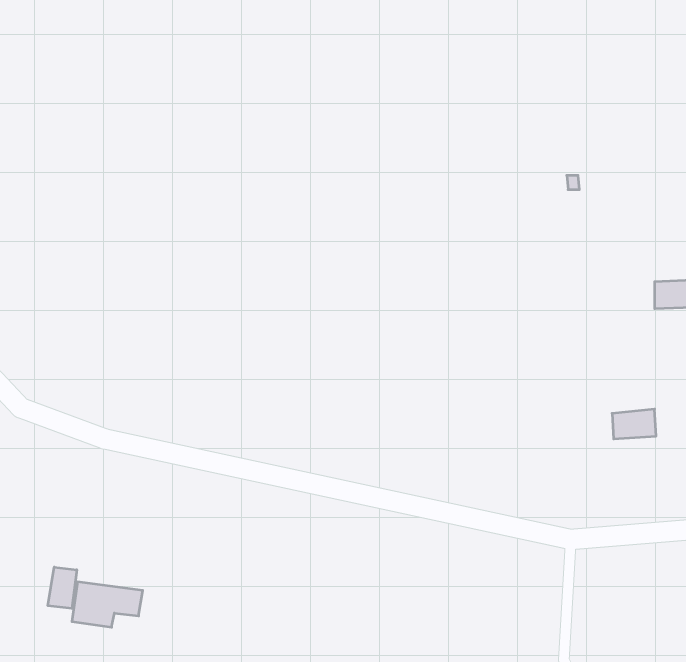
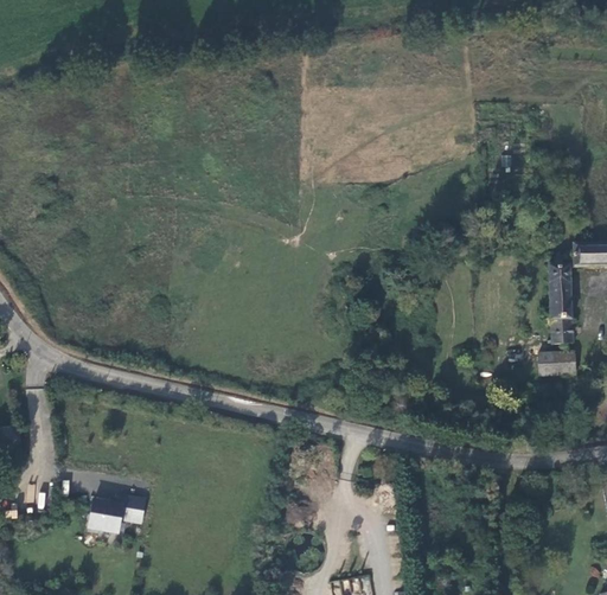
building: none -> [549,258,574,344]
building: [48,567,77,608] -> none

